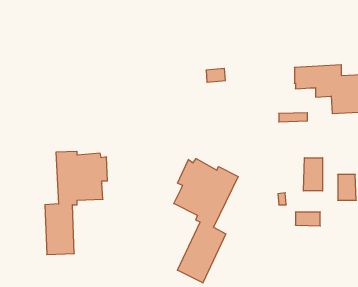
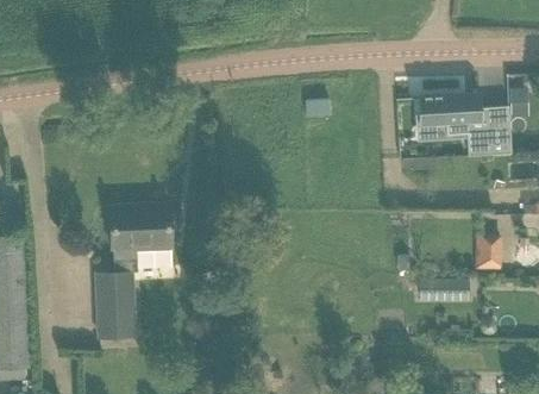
building: [303,158,323,191] -> none
building: [174,159,238,283] -> none

